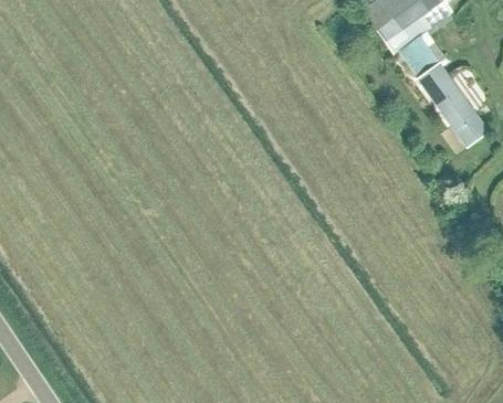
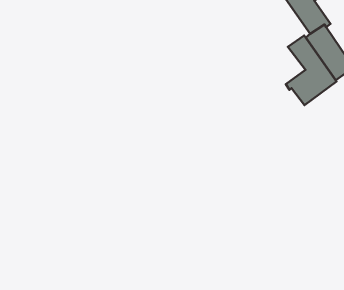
building: none -> [286,35,336,105]

